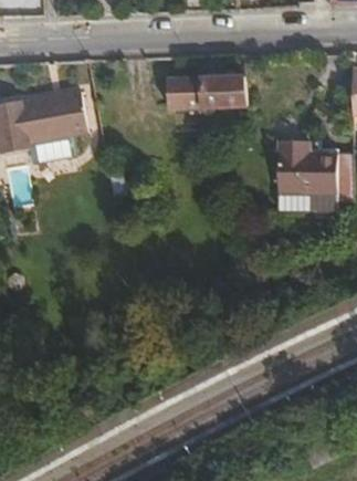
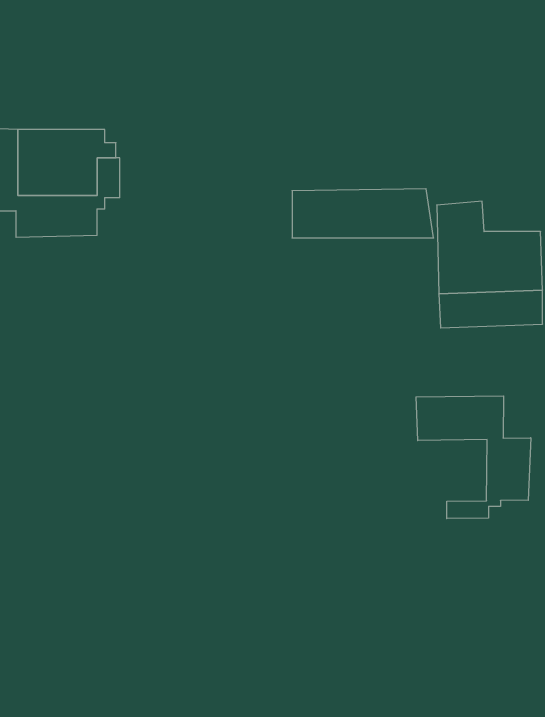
building: [166,76,249,105] -> [292,189,434,238]
building: none -> [416,396,531,519]

